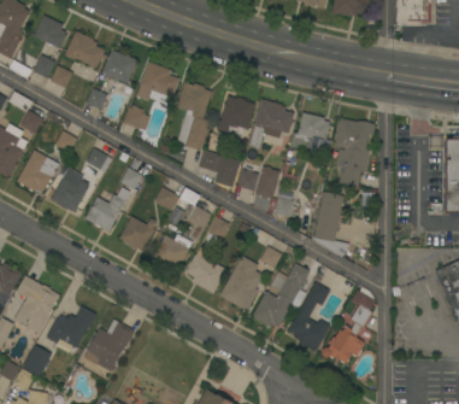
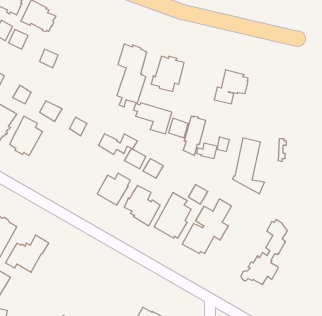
building: [101,49,137,83] -> none
building: [136,62,178,105] -> none
building: [248,99,294,148] -> none
building: [119,106,151,137] -> none
building: [334,118,370,187] -> none
building: [84,186,131,232] -> none
building: [118,216,155,251] -> none
building: [288,282,329,351] -> none
building: [84,320,134,371] -> none

